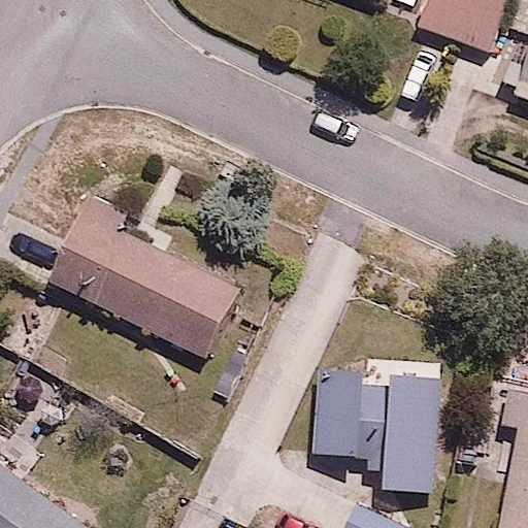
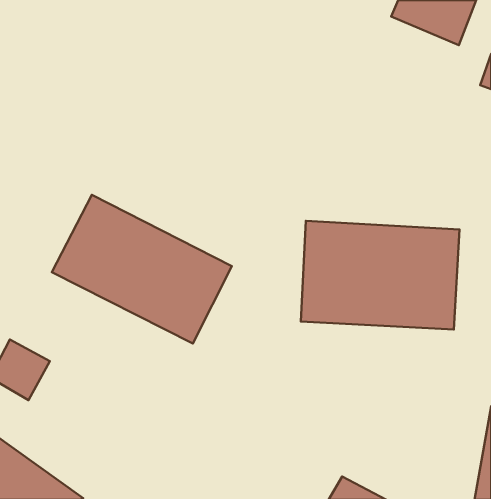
building: none -> [301,221,459,330]
building: [306,361,436,492] -> none

